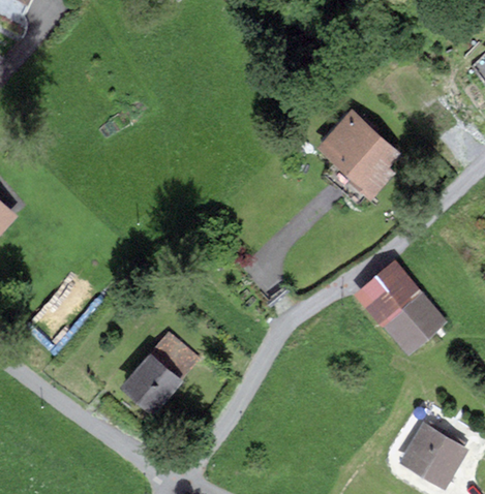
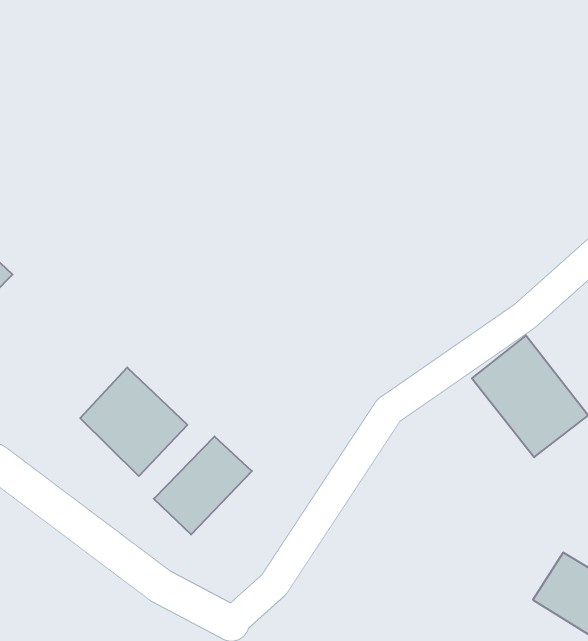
building: [323,114,402,191] -> none
building: none -> [80,367,187,476]

